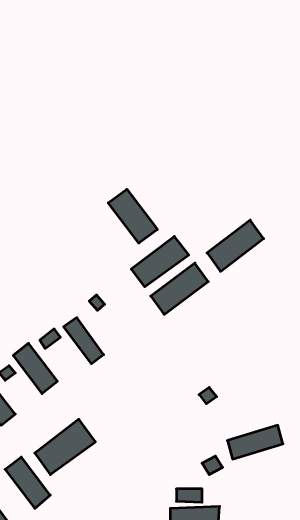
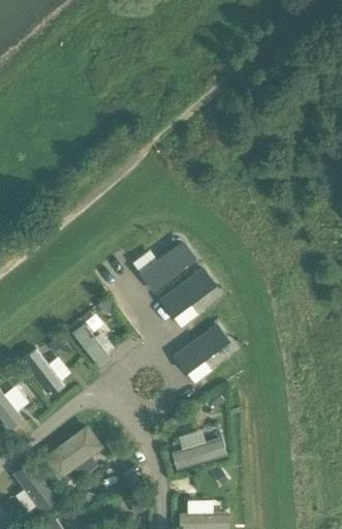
building: [108,189,157,243] -> none
building: [207,220,264,271] -> [174,323,230,375]
building: [227,425,283,459] -> [172,437,227,471]

